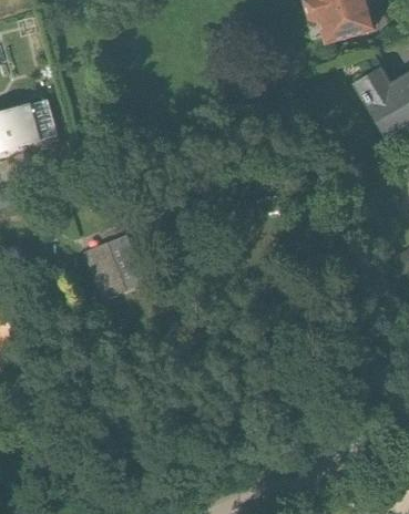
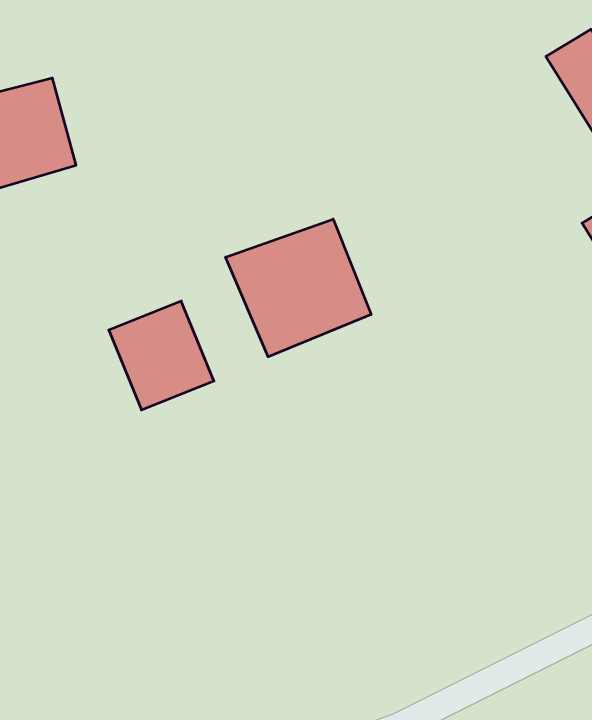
building: none -> [226,219,371,357]

